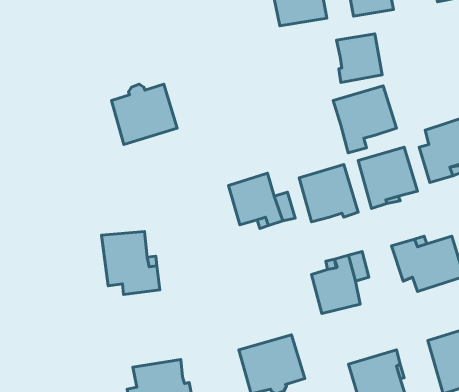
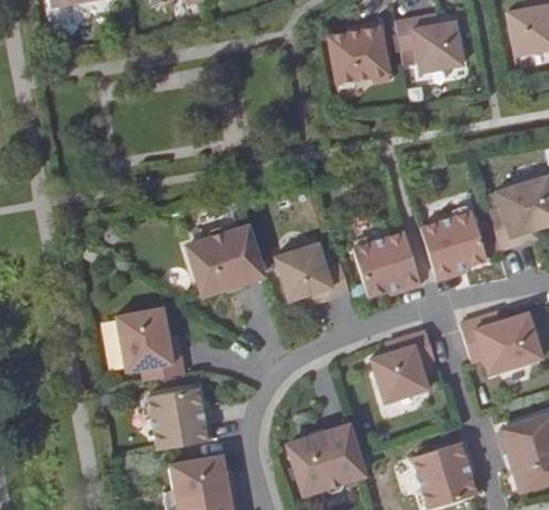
building: [337,34,382,82] -> none
building: [111,84,177,145] -> [190,226,265,294]
building: [333,86,397,153] -> none
building: none -> [148,387,212,448]

